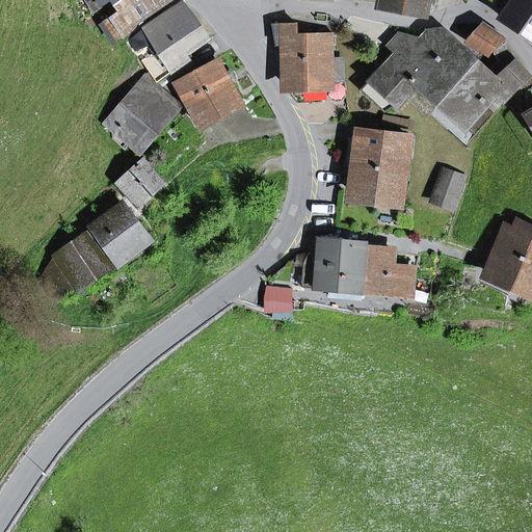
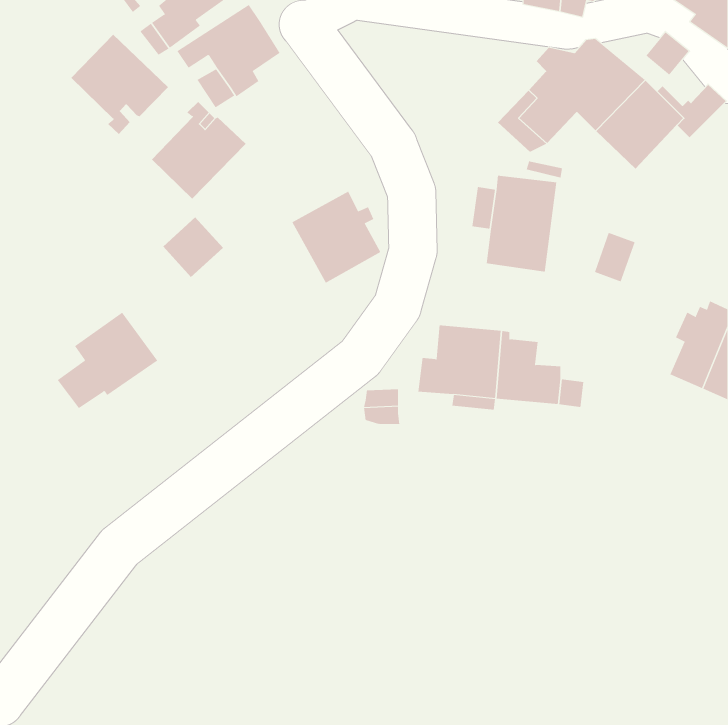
building: [273,22,346,92] -> none
building: none -> [70,34,169,135]
building: [176,58,241,126] -> [291,191,381,283]
building: [89,204,149,263] -> none

